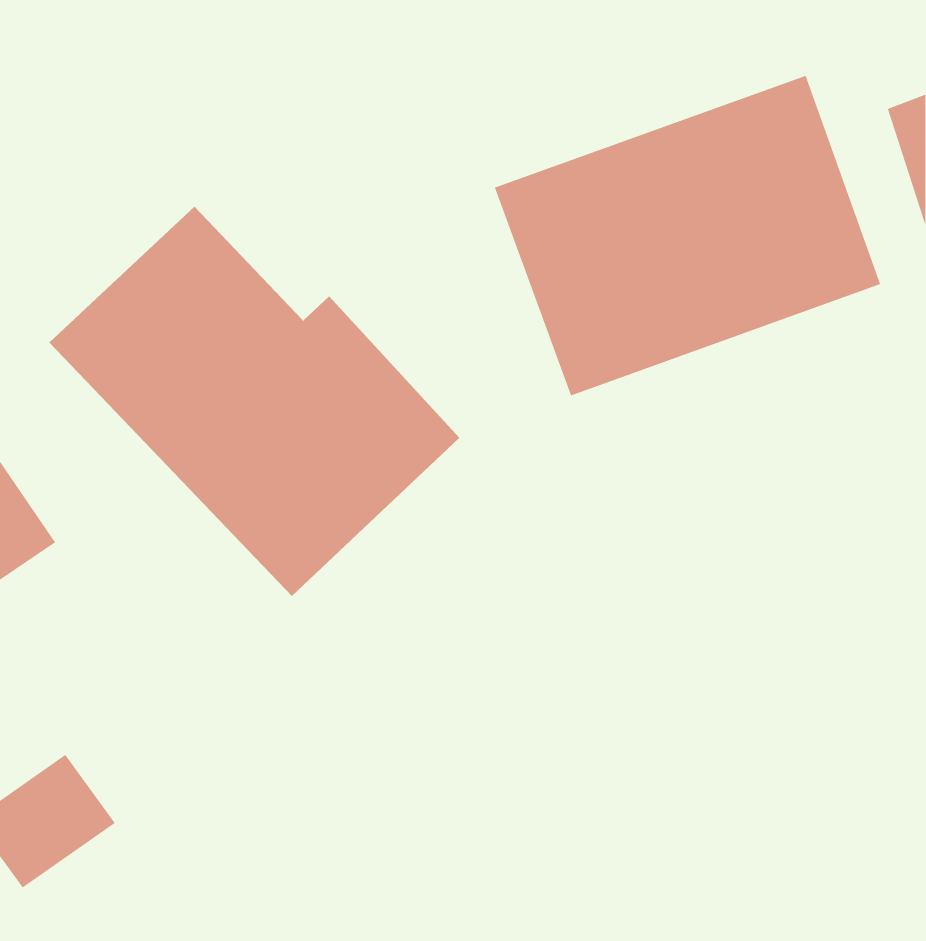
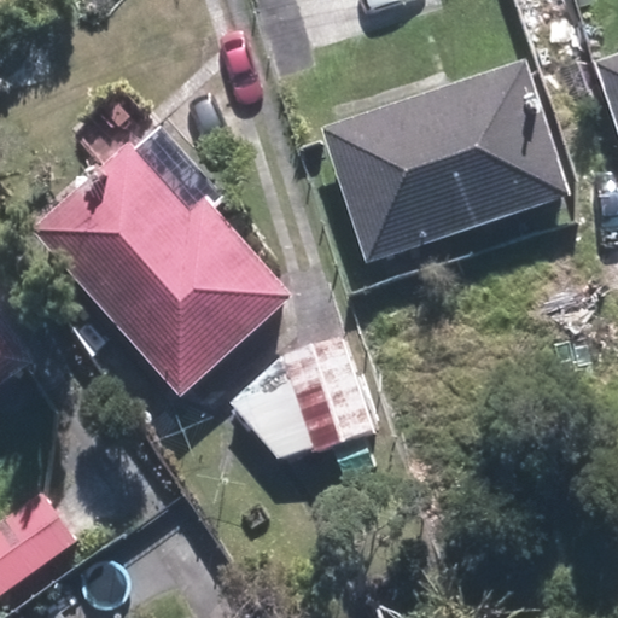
building: none -> [225,339,369,465]

